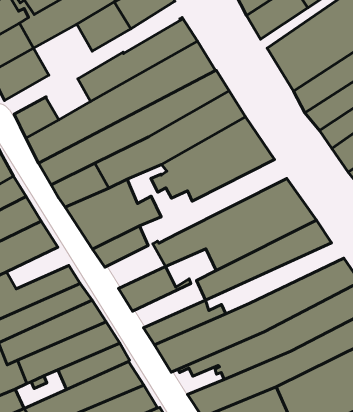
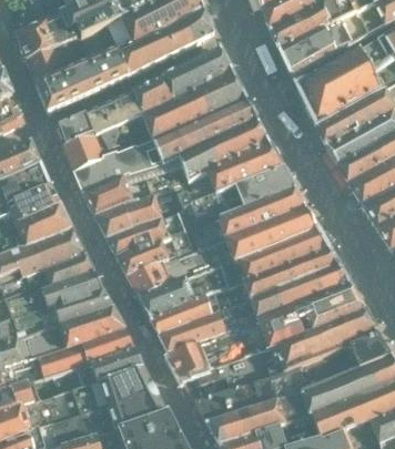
building: none -> [79,45,133,91]
building: none -> [87,96,128,133]
building: none -> [195,187,304,248]
building: none -> [229,269,351,327]
building: none -> [128,256,184,295]
building: none -> [36,252,94,287]
building: none -> [150,296,219,334]

